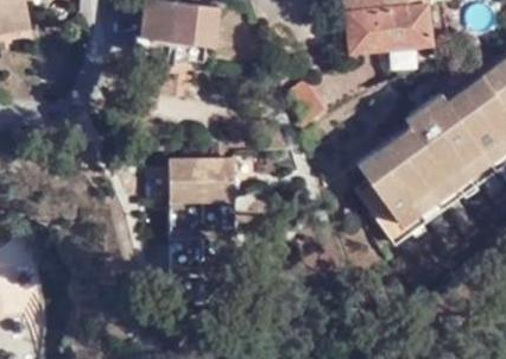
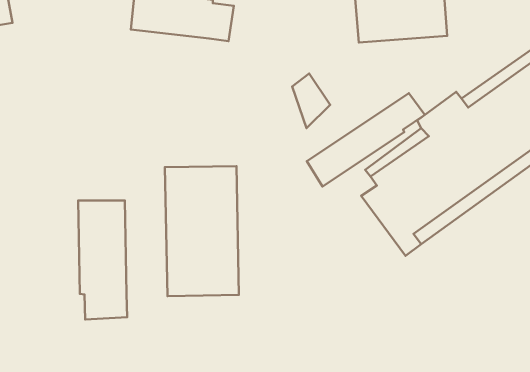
building: none -> [307,93,425,186]
building: none -> [78,201,127,319]

